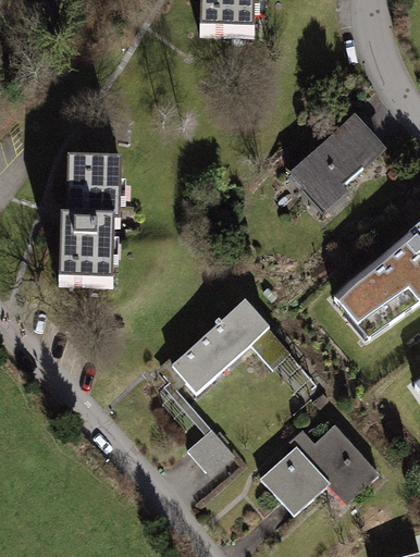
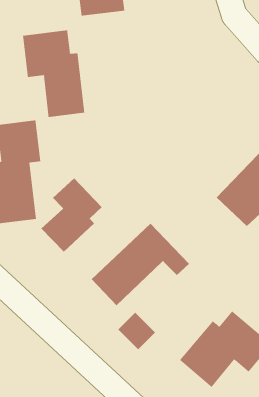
building: none -> [22,30,85,118]
building: [288,117,387,220] -> none
building: none -> [41,177,102,253]

